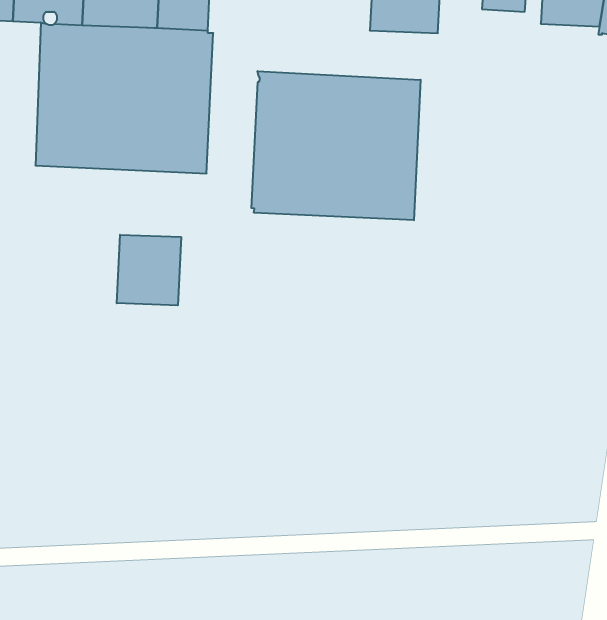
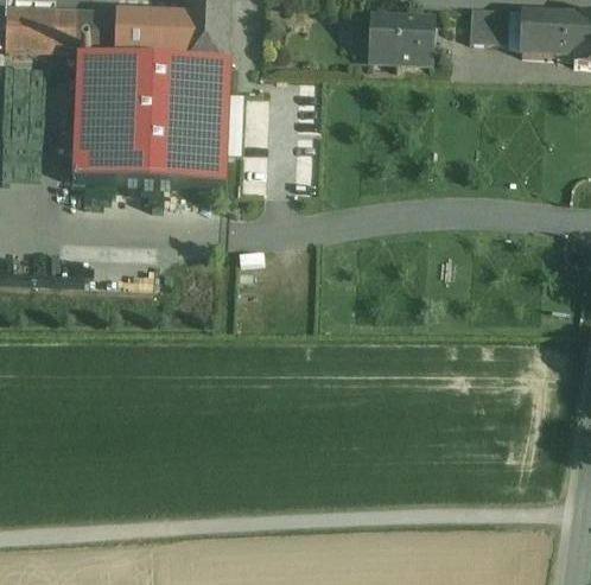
building: [251,71,421,220] -> none
building: [117,235,181,305] -> none

